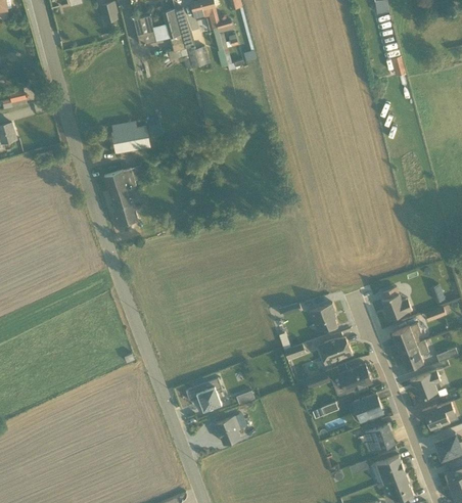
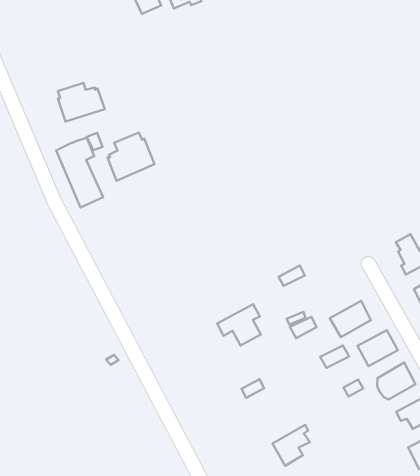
building: none -> [107,132,155,181]
building: [310,302,339,331] -> none
building: [185,377,222,411] -> [217,304,261,346]
building: [216,411,247,444] -> [273,425,310,466]

